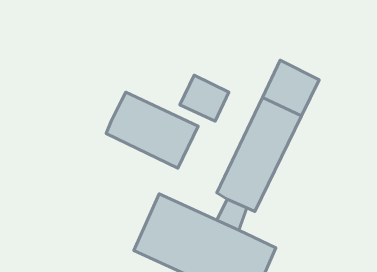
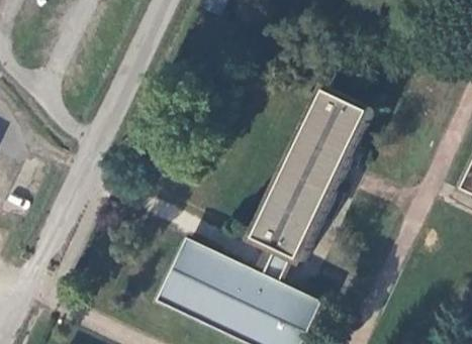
building: [180,75,229,121] -> none
building: [106,92,198,168] -> none

